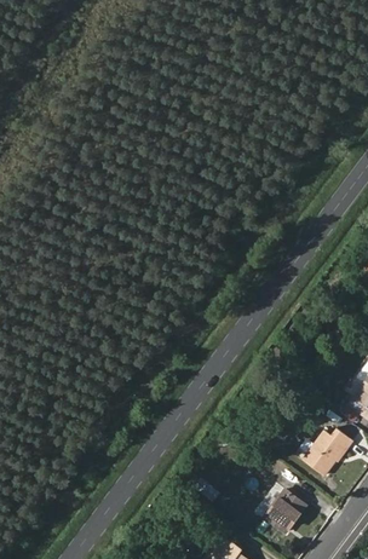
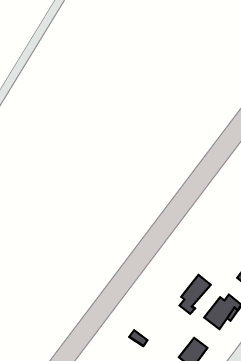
building: none -> [180,275,211,314]

